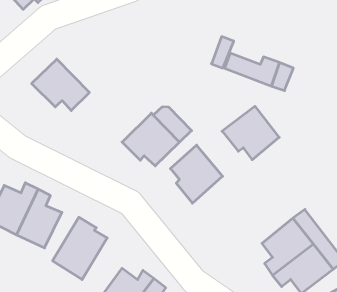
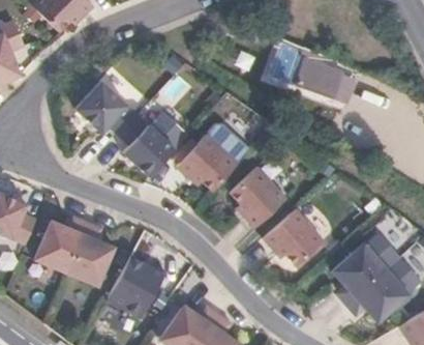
building: none -> [119,113,186,177]
building: [222,106,279,160] -> [263,207,325,265]

